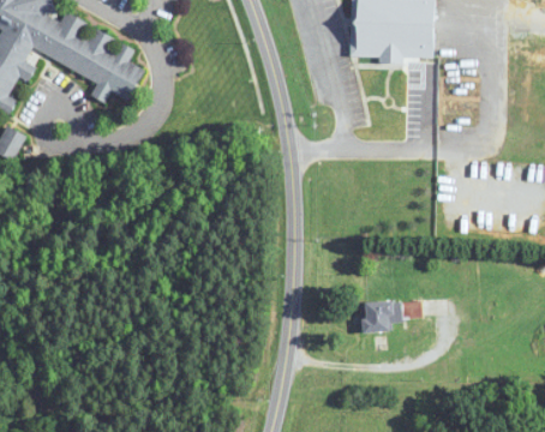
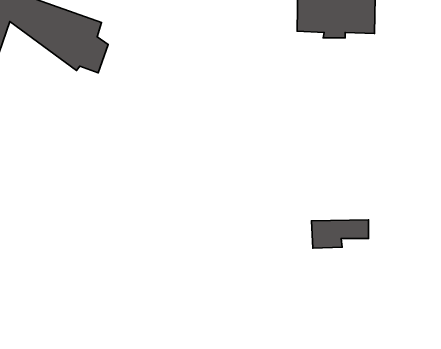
building: [358,301,420,332] -> [312,220,368,248]

